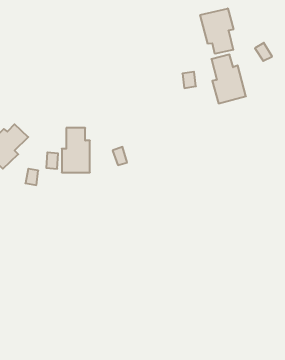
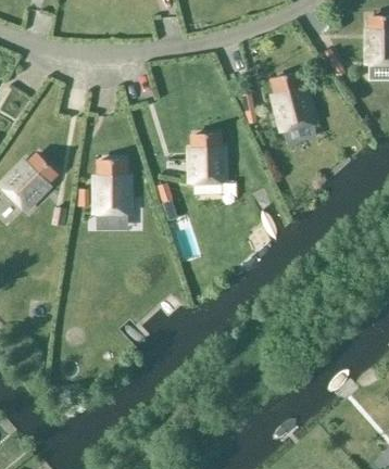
building: [200,8,233,54] -> none
building: none -> [189,136,224,185]

